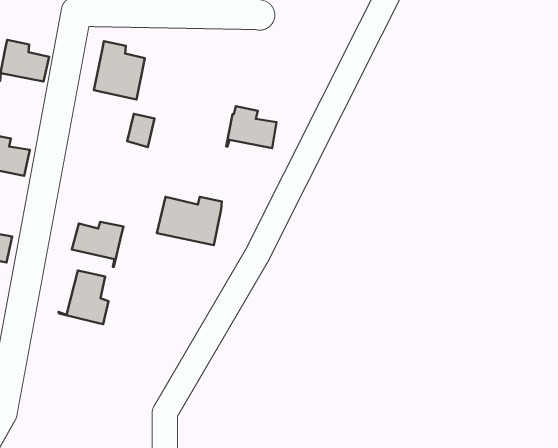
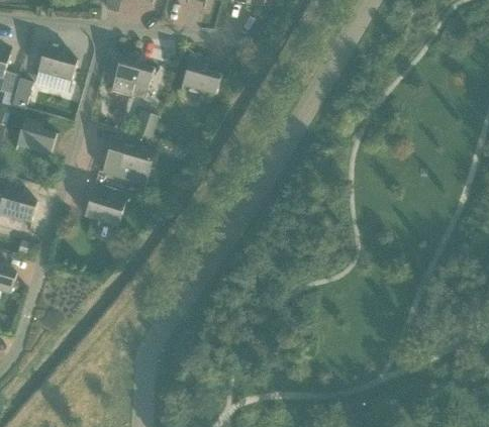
building: [226,106,277,148] -> [179,60,220,95]
building: [157,197,222,245] -> [100,144,154,186]
building: [59,271,109,324] -> none

